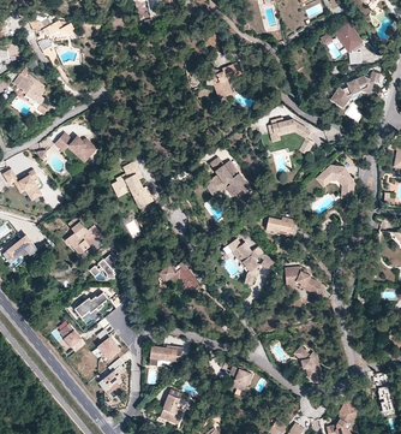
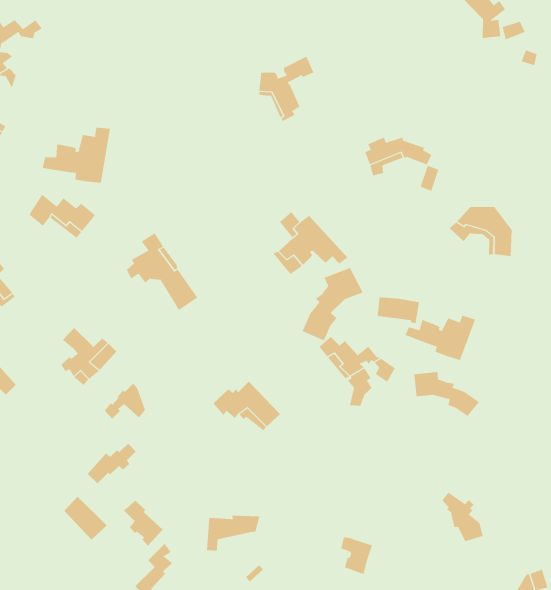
building: [333,76,376,108] -> none
building: none -> [42,127,110,184]
building: none -> [302,267,364,341]
building: none -> [405,315,476,361]

